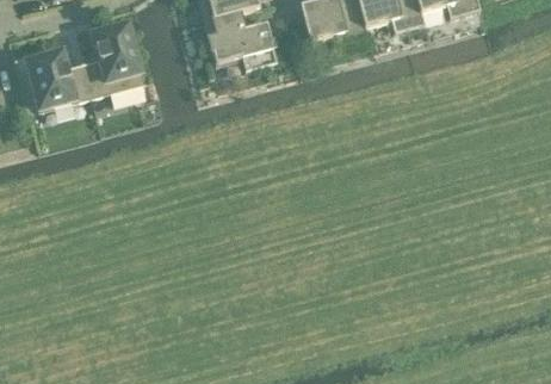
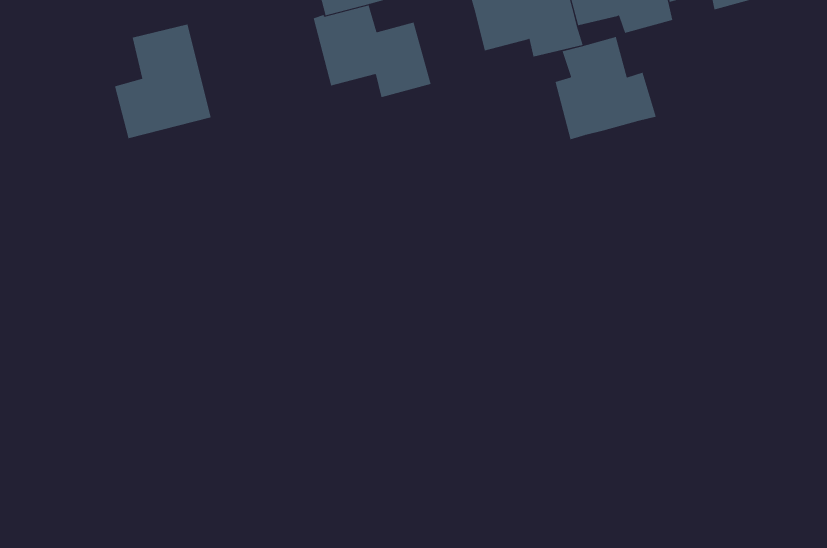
building: none -> [555,36,656,140]
building: [26,51,91,109] -> none

